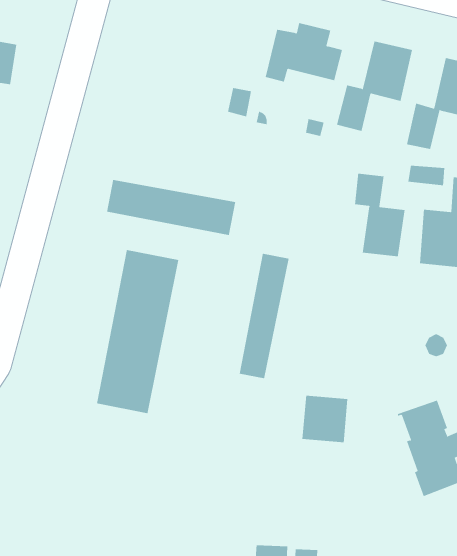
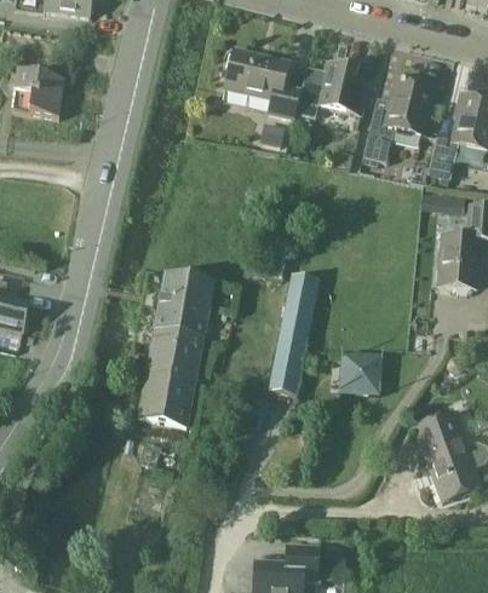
building: none -> [225,47,300,117]
building: [354,173,405,257] -> none
building: [107,179,236,236] -> none
building: [302,395,348,443] -> [339,350,383,395]

